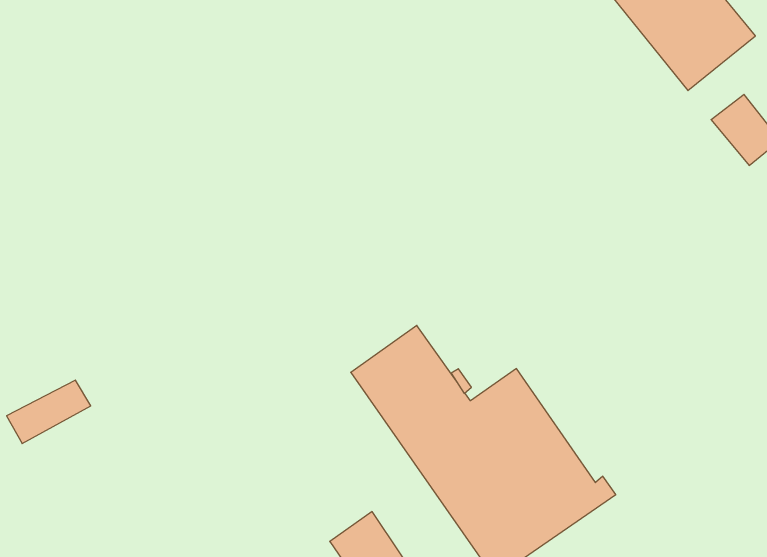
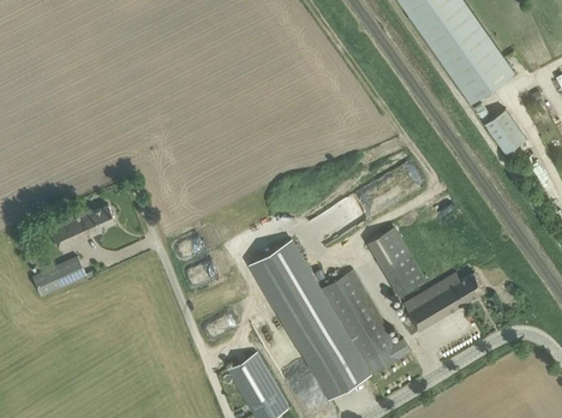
building: none -> [49,204,115,249]
building: none -> [367,228,423,295]
building: none -> [401,271,485,334]

